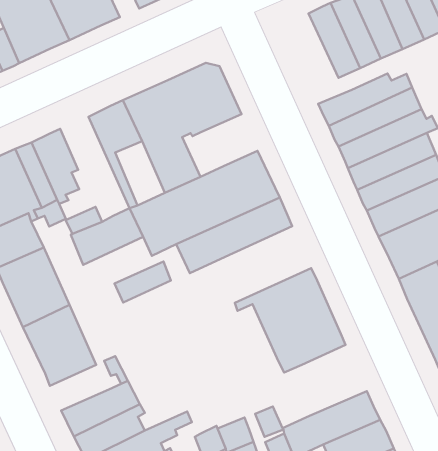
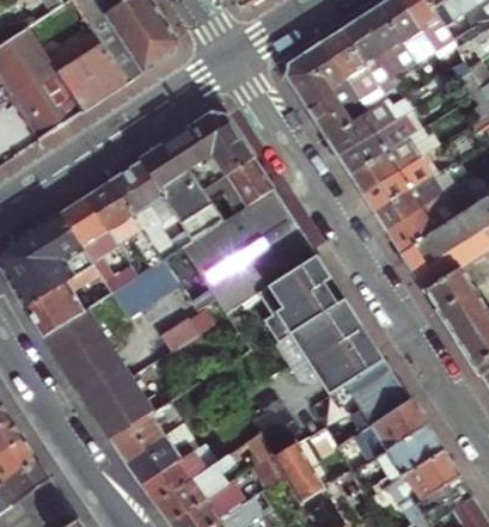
building: none -> [285,51,354,135]
building: none -> [218,155,274,207]
building: none -> [85,179,161,269]
building: none -> [258,253,341,333]
building: none -> [346,357,410,429]
building: none -> [110,411,167,459]

